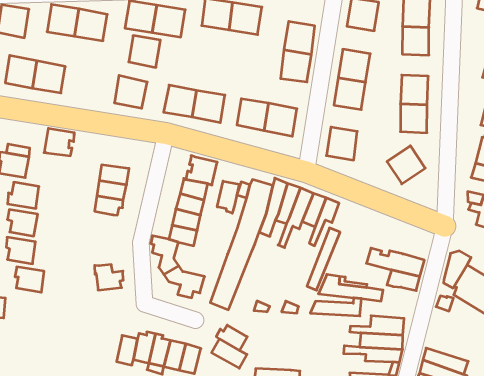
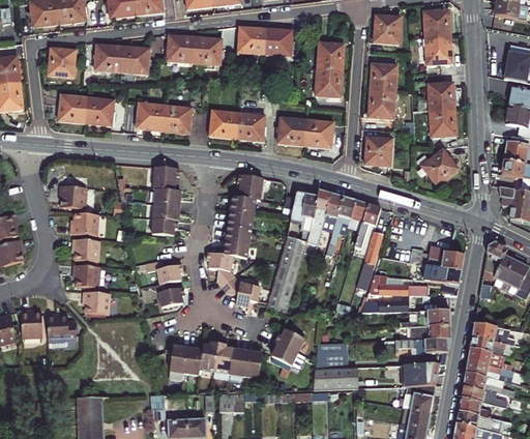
building: [129,36,160,67] -> [137,103,165,130]
building: [44,128,74,156] -> [153,167,180,191]
building: [217,181,239,213] -> none
building: none -> [146,260,183,284]
building: none -> [169,345,187,380]
building: none -> [472,322,514,345]
building: none -> [315,342,348,368]

